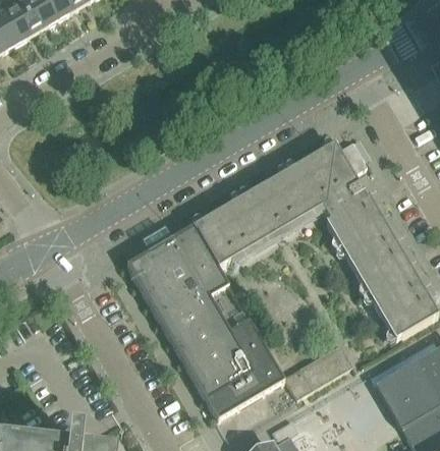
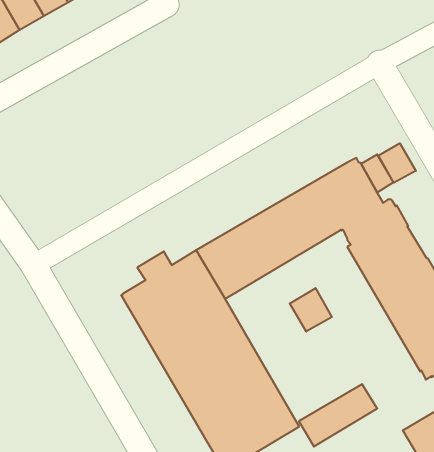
building: none -> [379,143,416,183]
building: none -> [290,288,332,332]

